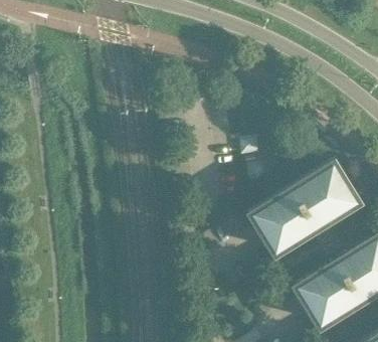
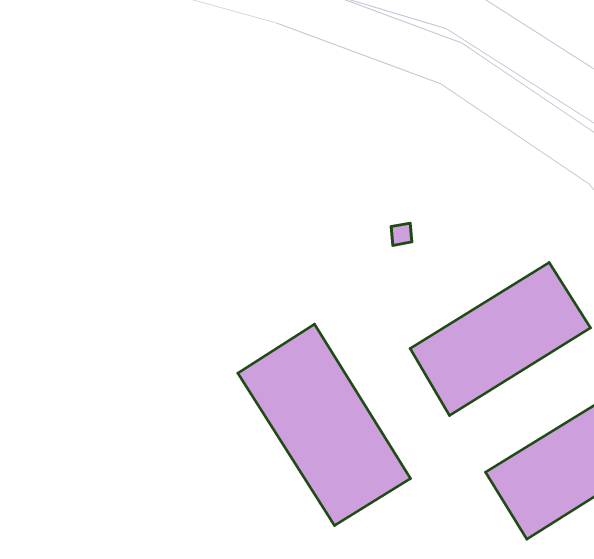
building: none -> [238,324,410,526]

